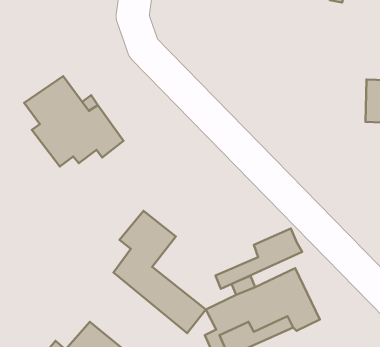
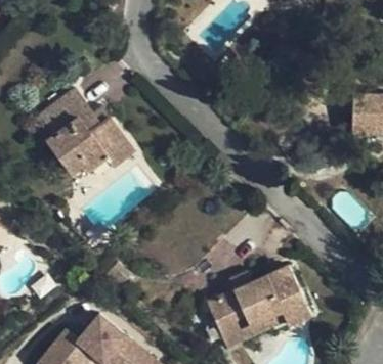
building: [113,211,206,333] -> none
building: [216,229,302,289] -> none

